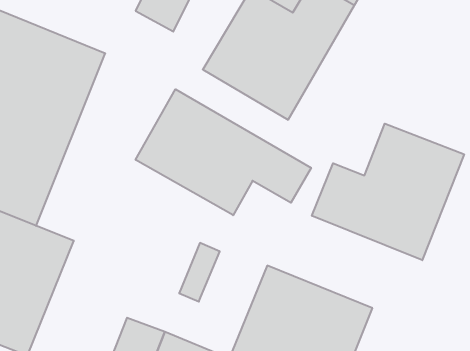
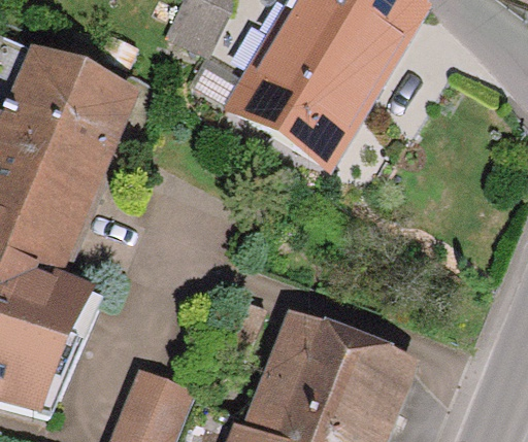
building: [136,89,311,215] -> none
building: [312,124,464,260] -> none

